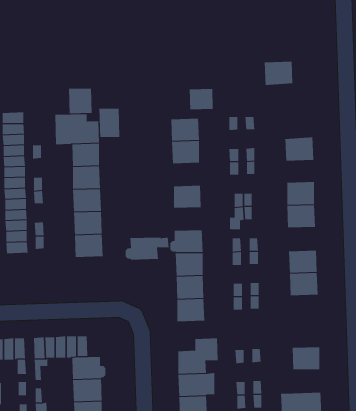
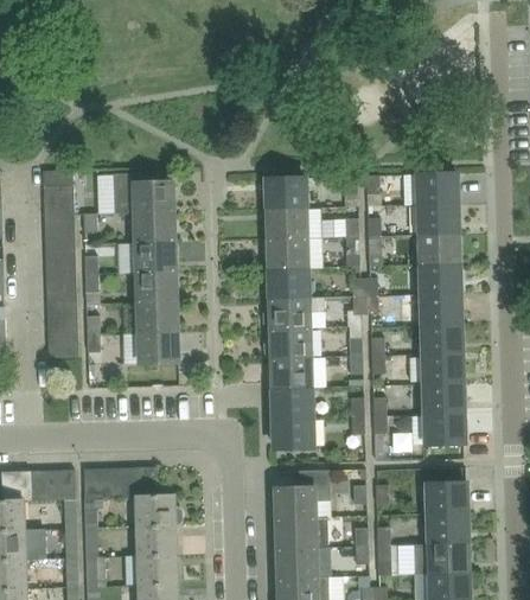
building: [264,61,293,85] -> [417,174,456,206]
building: [69,88,92,114] -> none
building: [189,88,213,110] -> none
building: [99,108,120,138] -> none
building: none -> [420,235,459,264]
building: none -> [269,238,307,269]
building: none -> [422,324,461,356]
building: [125,237,170,260] -> [264,298,324,328]
building: none -> [426,414,464,445]
building: none -> [429,513,467,544]

